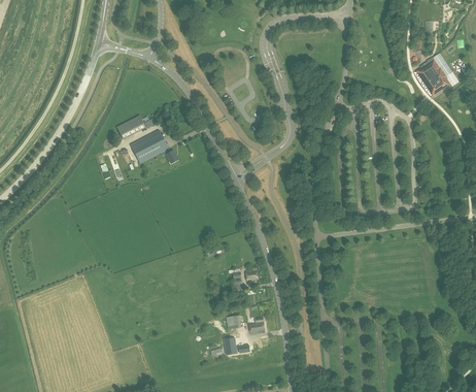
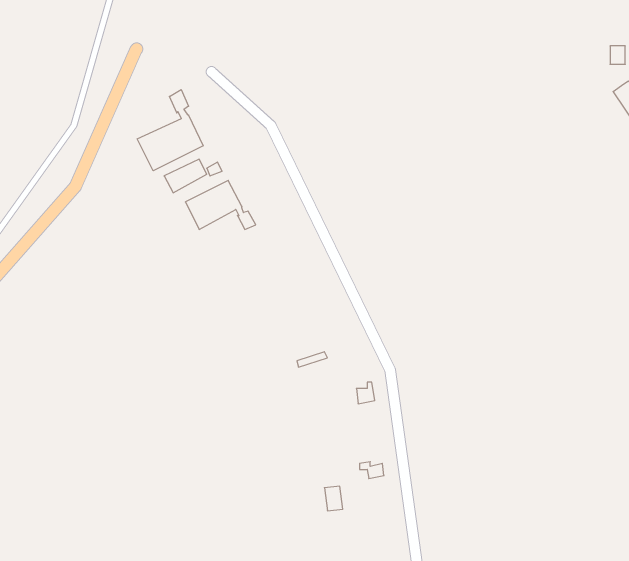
building: none -> [137,90,203,171]

